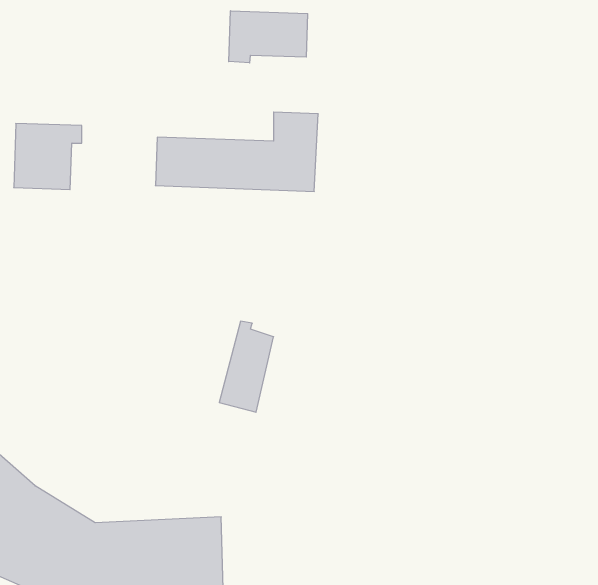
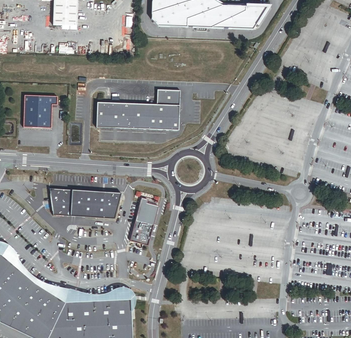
building: [229,11,308,63] -> none
building: none -> [49,187,120,217]

